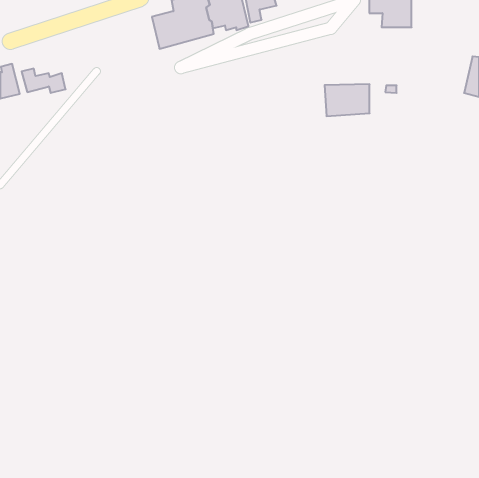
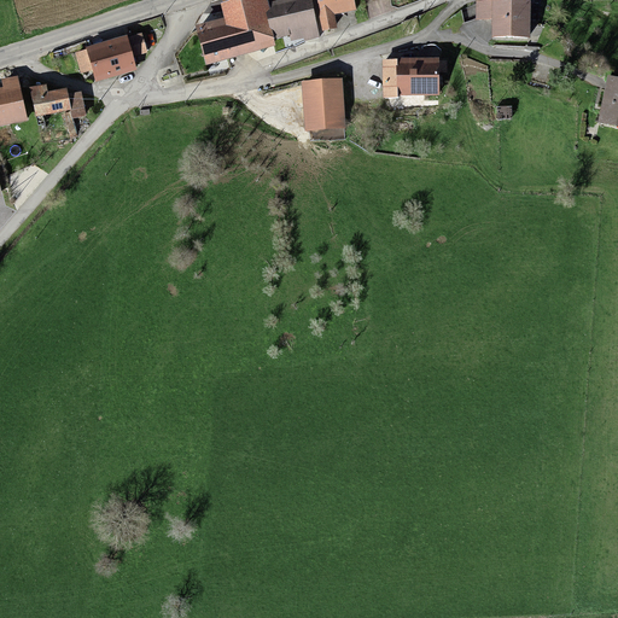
building: none -> [75,30,147,80]
building: none -> [302,76,346,128]
building: [325,84,370,116] -> [381,54,439,95]

